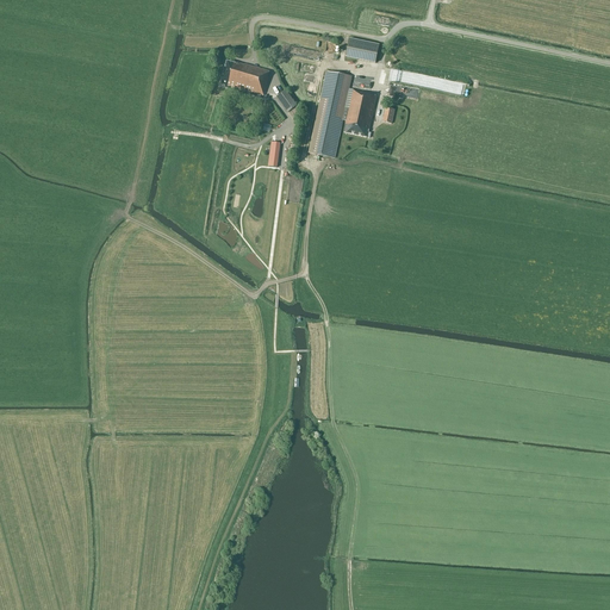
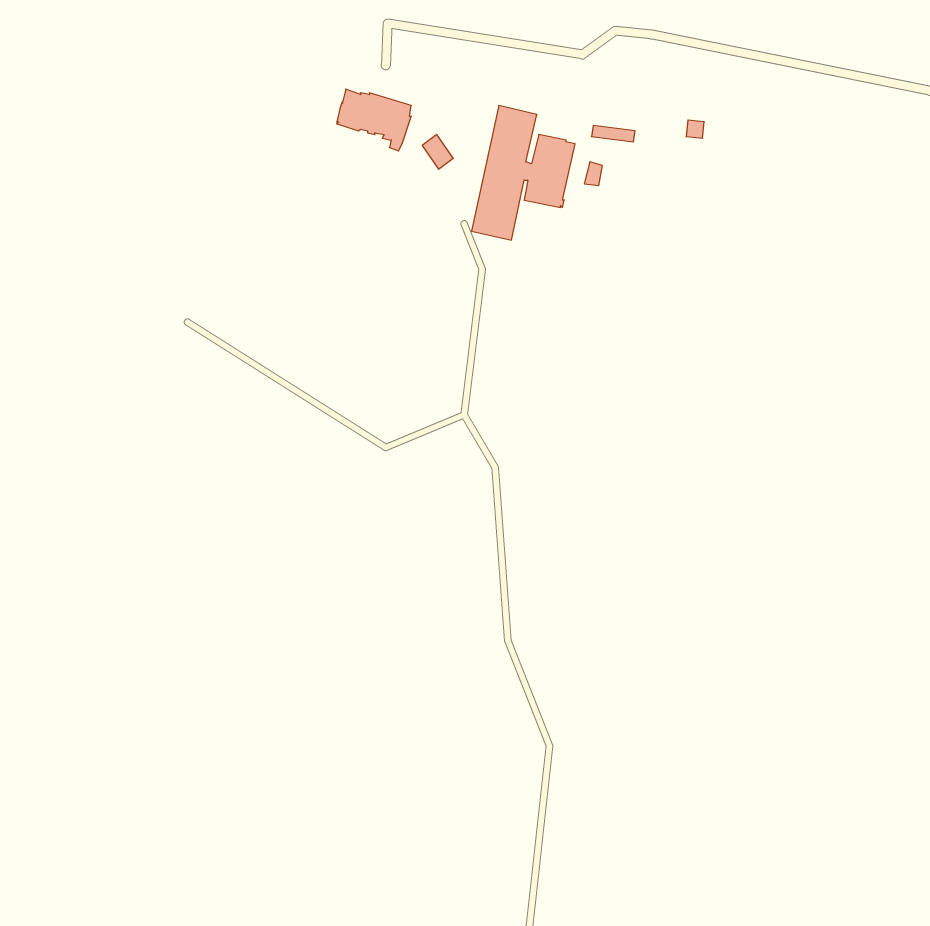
building: [346,37,379,62] -> none

